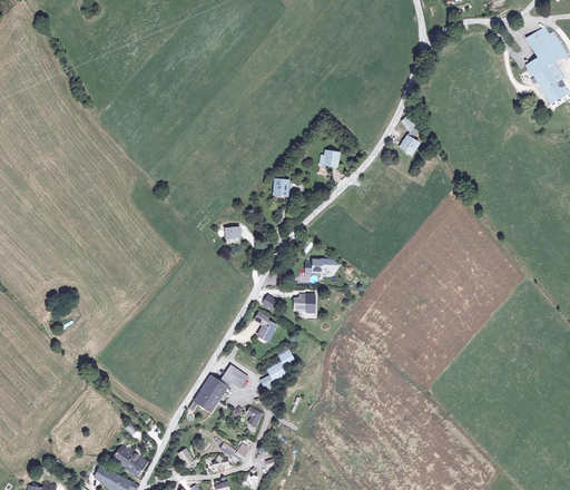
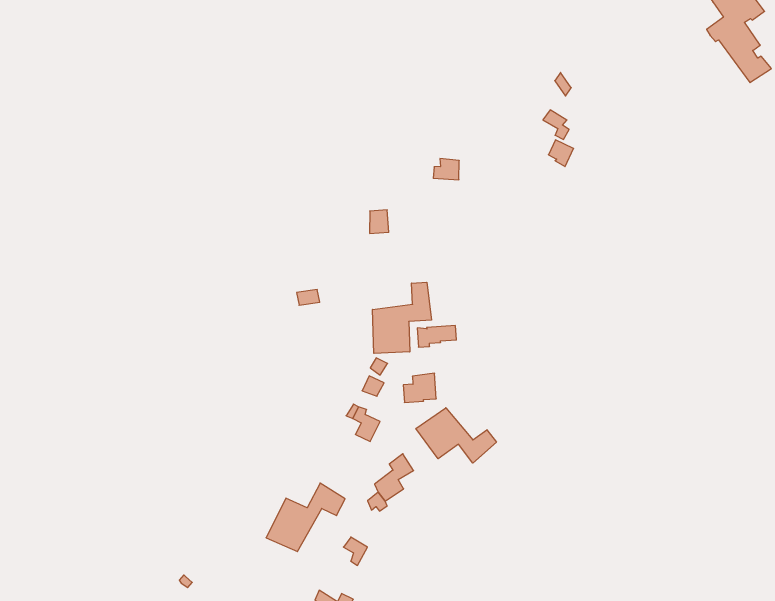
building: none -> [373,282,431,353]
building: none -> [416,408,496,463]

